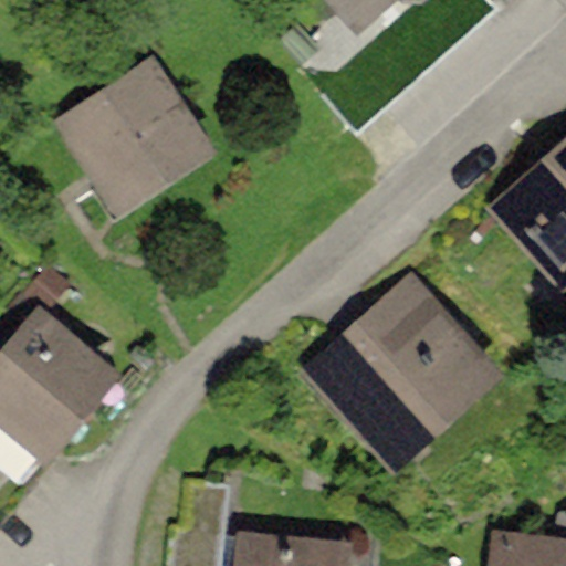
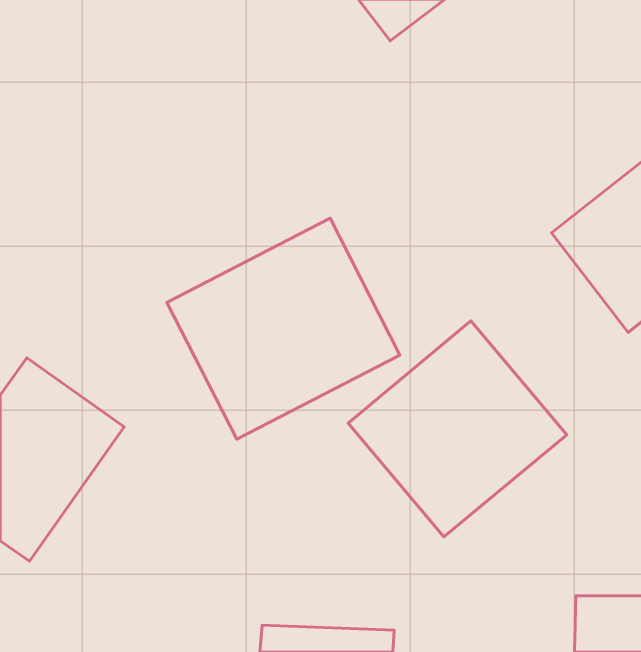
building: [61,63,209,210] -> none
building: none -> [167,218,400,439]

